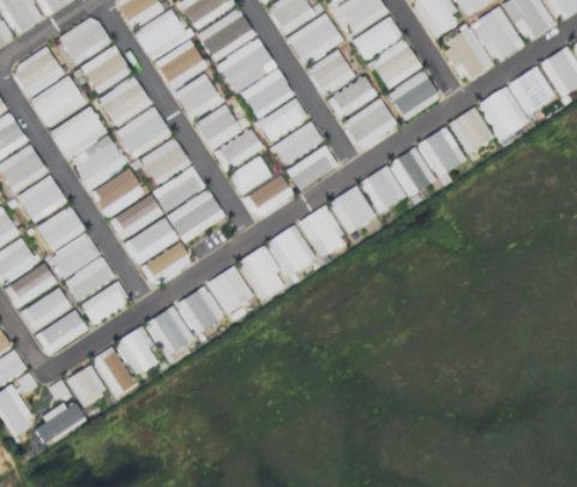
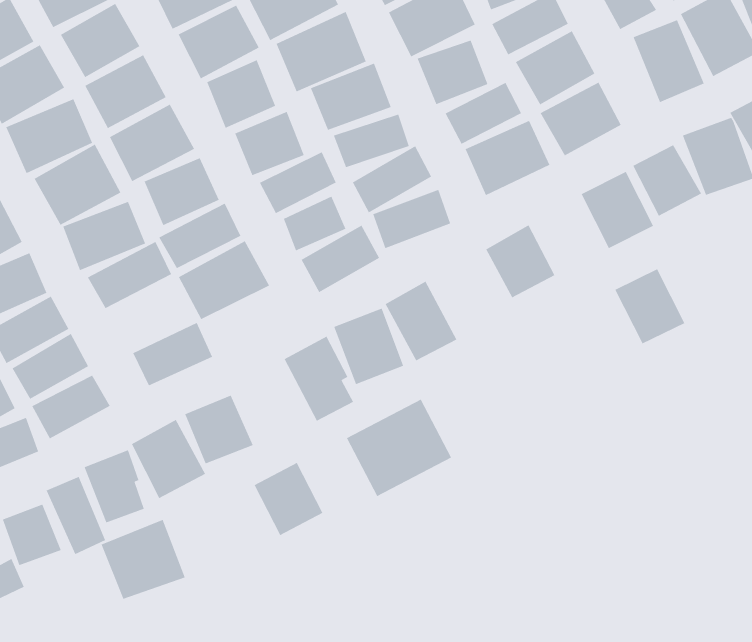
building: [389,146,435,196] -> [614,268,686,345]
building: [329,185,375,233] -> none
building: [124,218,178,263] -> none
building: [208,265,253,313] -> [254,462,323,536]
building: none -> [346,398,452,497]
building: none -> [101,519,186,600]

